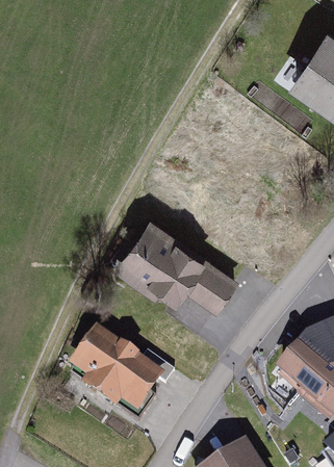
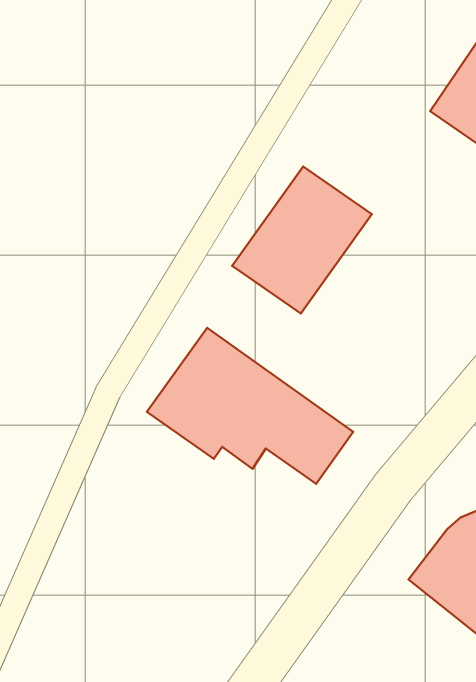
building: none -> [232,166,372,314]
building: [70,326,166,414] -> none

